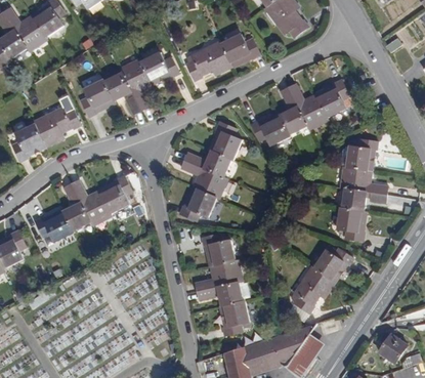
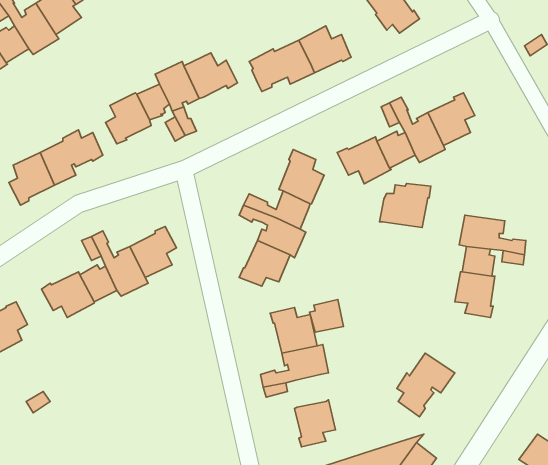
building: [339,140,376,172] -> [380,183,431,228]
building: [312,248,352,282] -> none
building: [216,283,241,306] -> [309,300,344,332]

